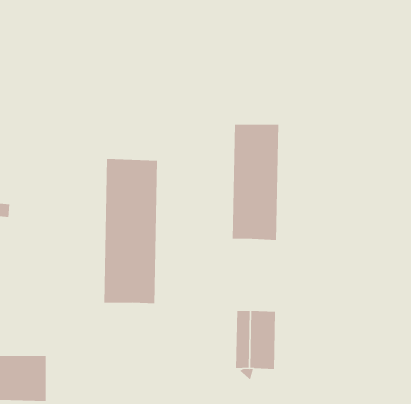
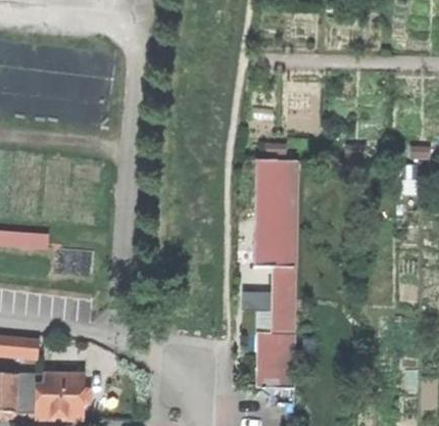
building: [104,158,157,304] -> none
building: none -> [271,267,295,334]

